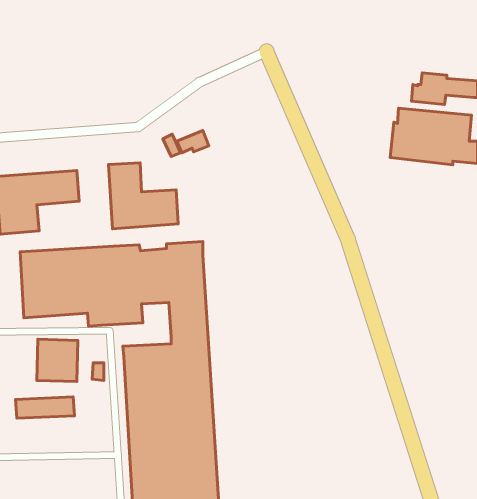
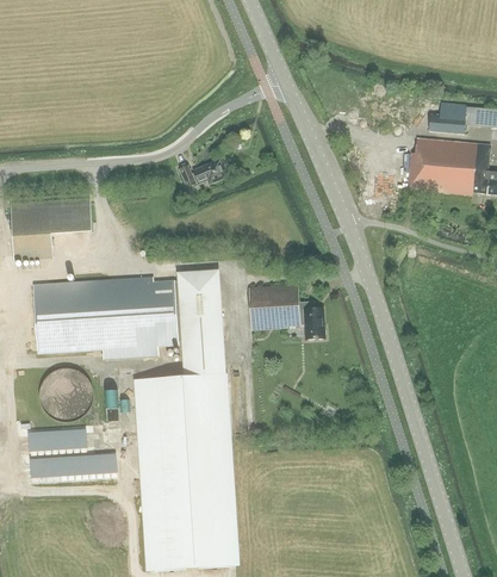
building: [108,163,178,229] -> none
building: none -> [248,284,325,341]
building: none -> [30,454,118,477]

